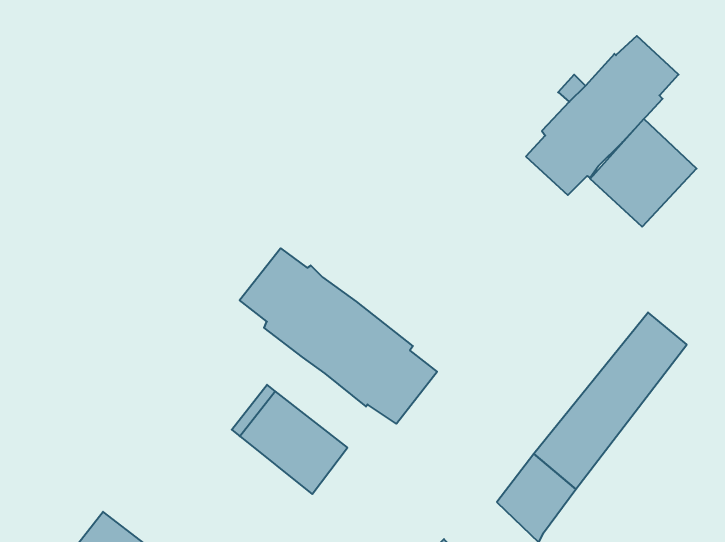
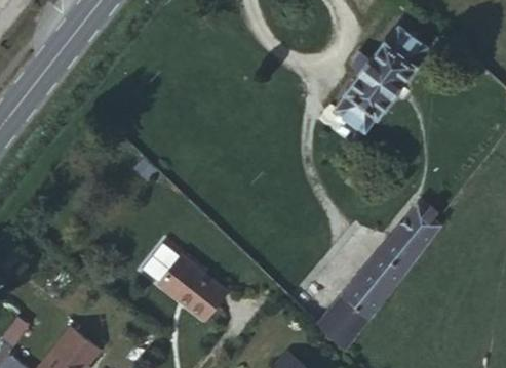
building: [590,119,697,227] -> none
building: [240,248,437,424] -> none

